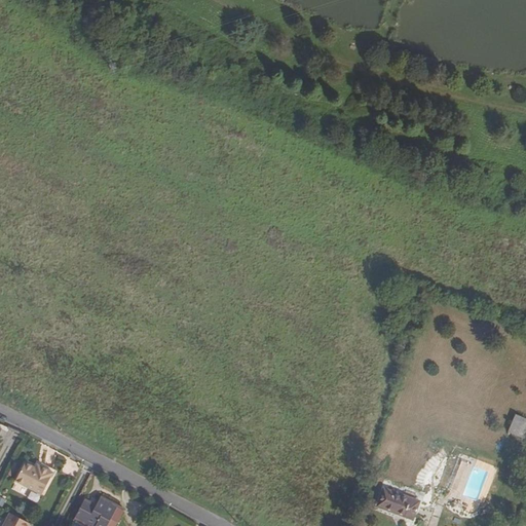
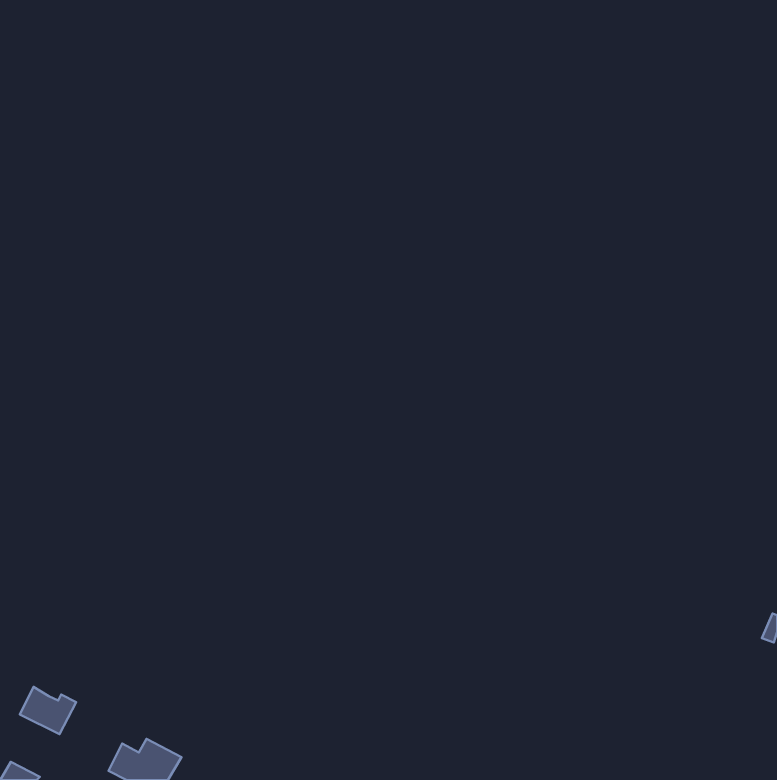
building: [383,490,424,519] -> none

